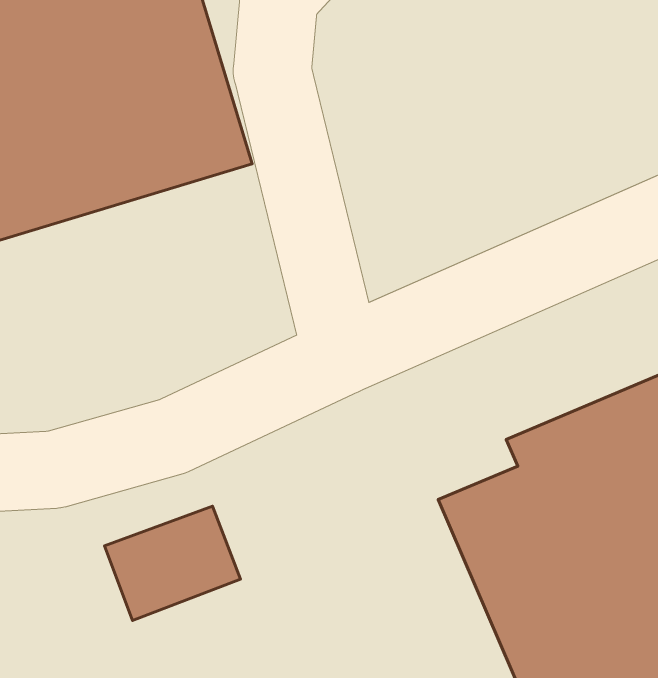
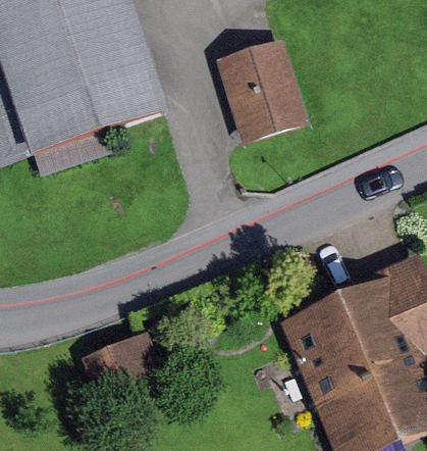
building: none -> [215,33,310,141]

